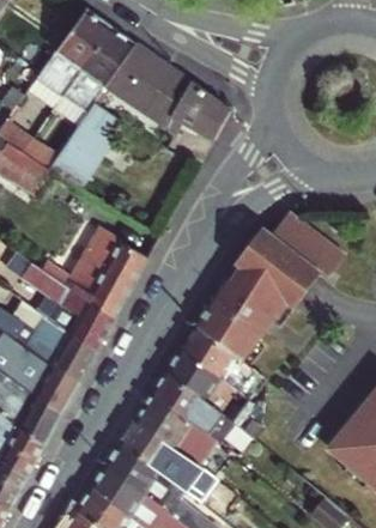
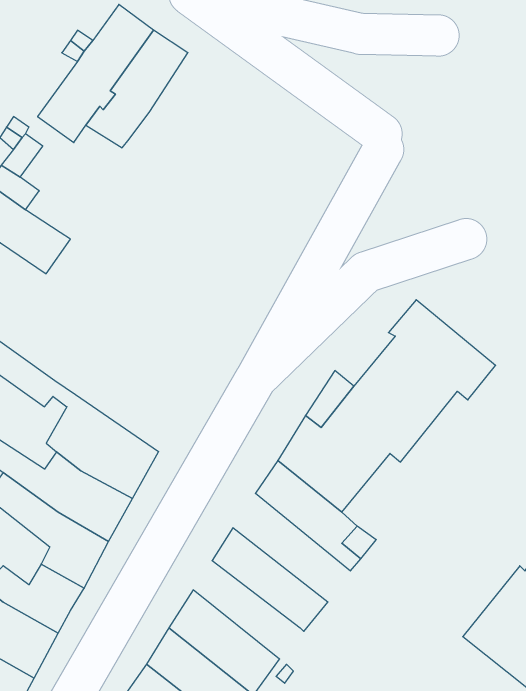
building: [108,43,231,139] -> none
building: [46,103,116,188] -> none
building: [42,227,147,320] -> none
building: [165,348,260,438] -> none
building: [138,395,212,463] -> none

